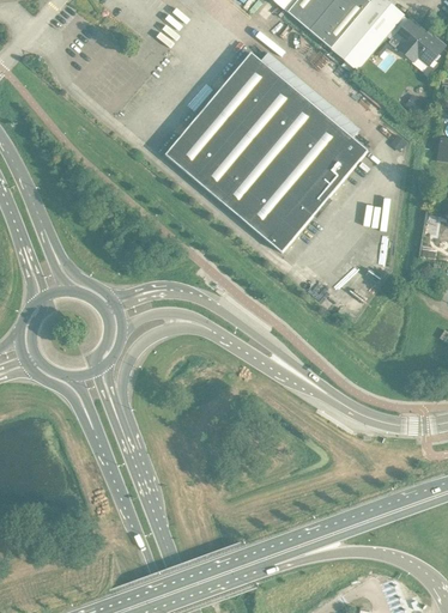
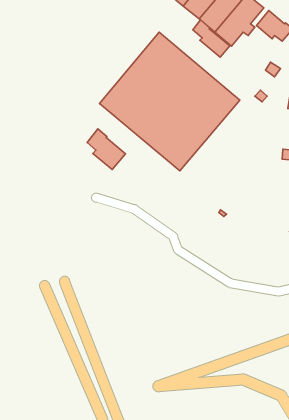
building: none -> [193,20,230,57]
building: none -> [87,129,126,170]

